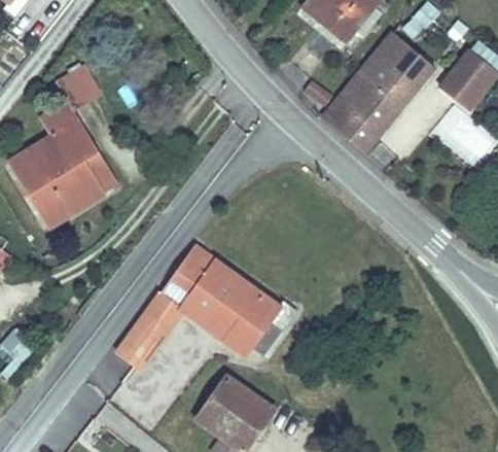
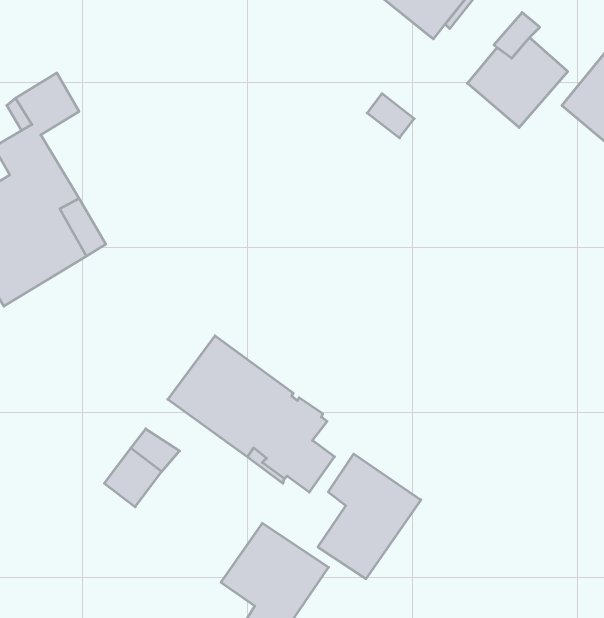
building: [329,70,405,149] -> none
building: none -> [318,454,421,579]

